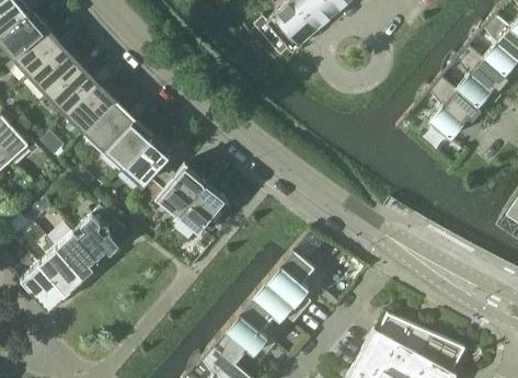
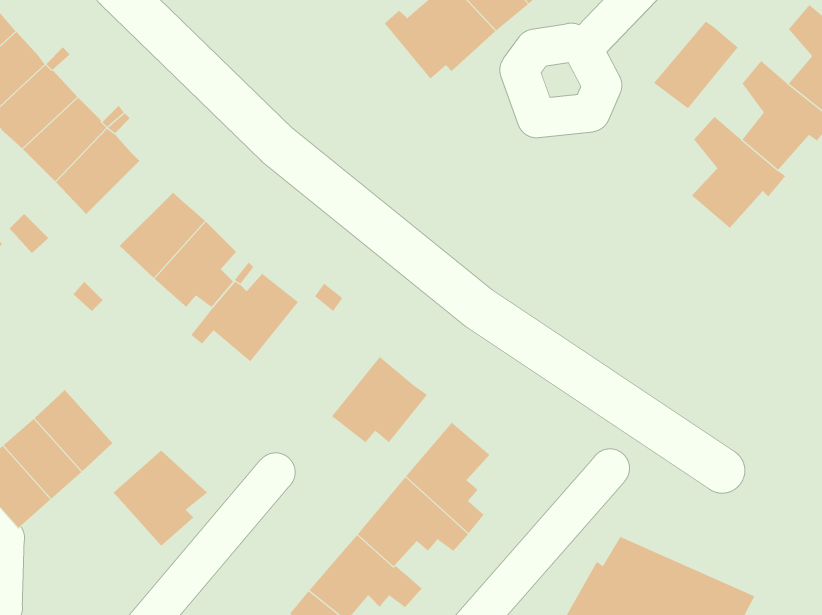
building: none -> [653,21,739,109]
building: [84,102,134,150] -> none
building: [177,182,232,231] -> [331,356,428,443]
building: [72,207,126,262] -> [113,450,208,547]

